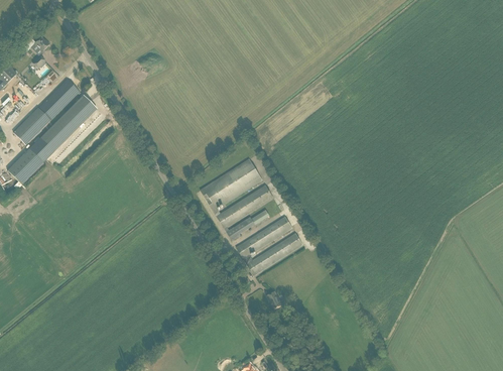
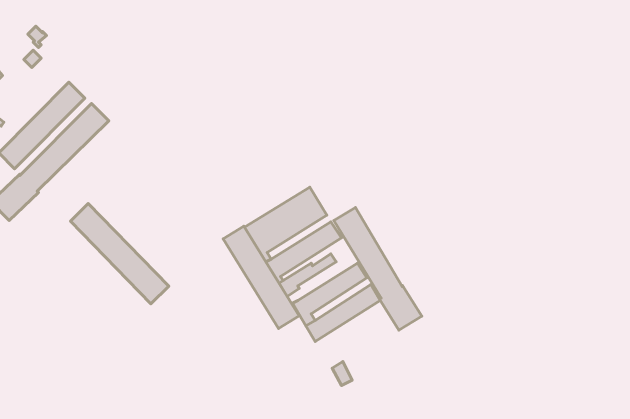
building: none -> [70,204,169,304]
building: none -> [334,208,422,330]
building: none -> [223,226,299,328]

